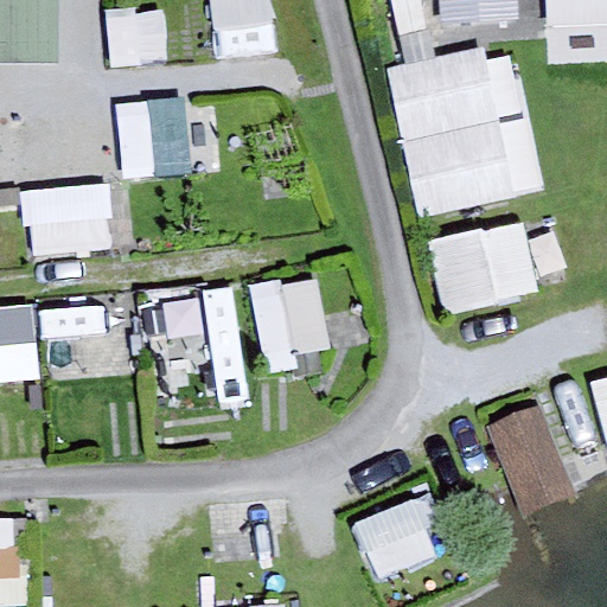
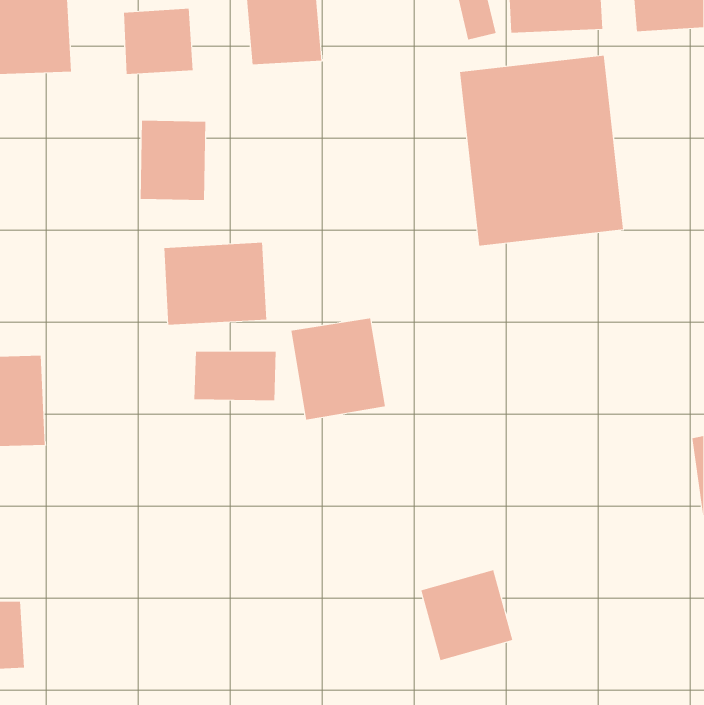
building: [24,183,113,254] -> [163,242,267,325]
building: [428,219,542,314] -> none
building: [485,402,580,517] -> none

